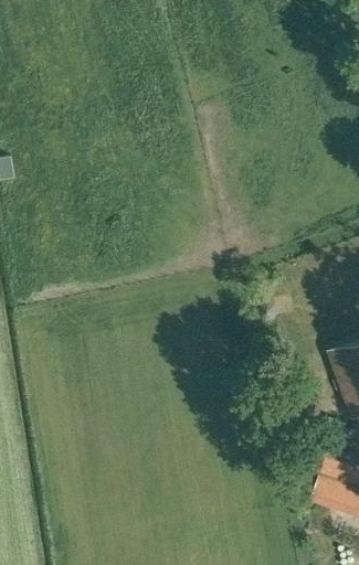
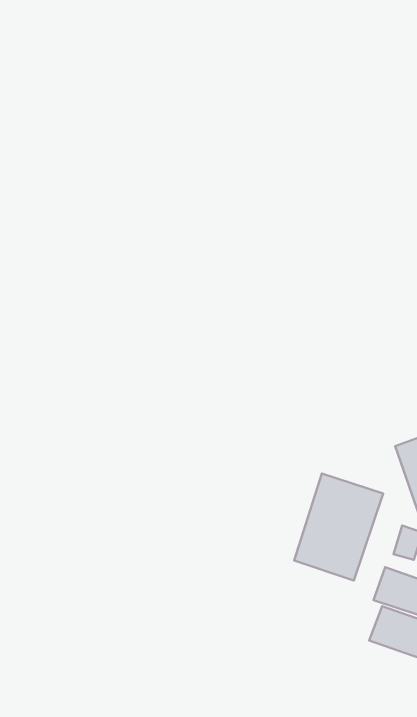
building: none -> [294,473,383,581]

